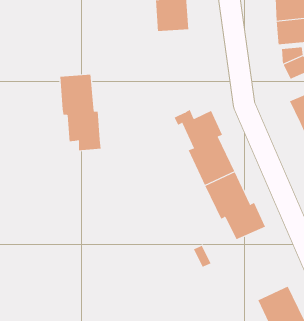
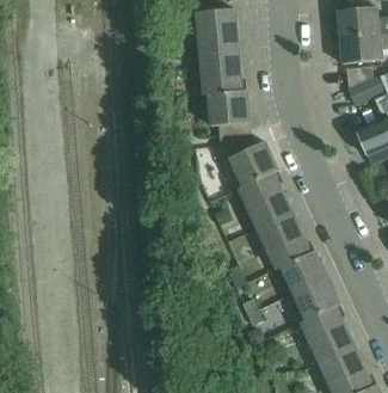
building: [60,74,102,151] -> [202,47,251,136]
building: none -> [294,277,355,363]

